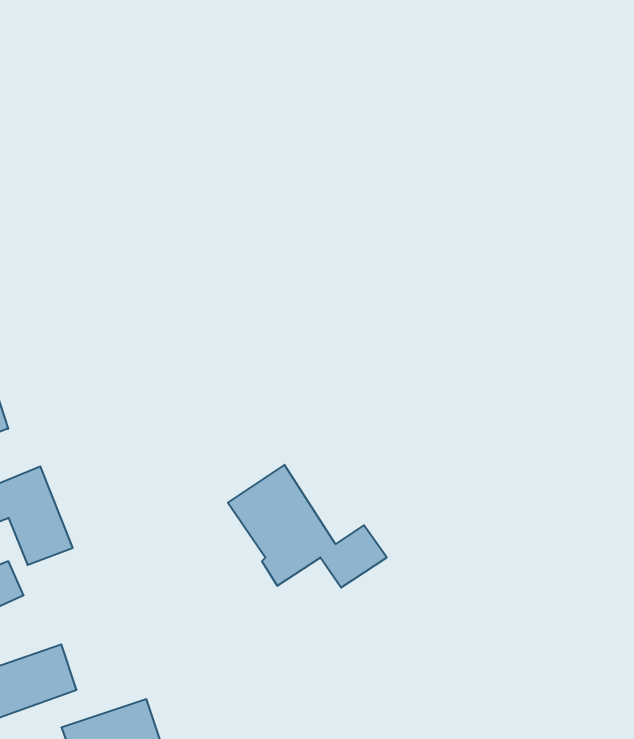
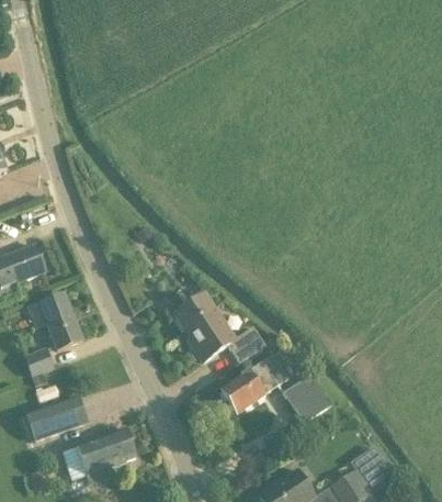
building: none -> [222,354,288,413]
building: none -> [283,373,331,422]

